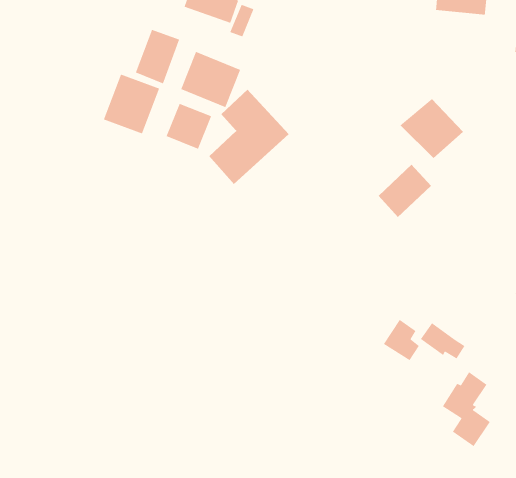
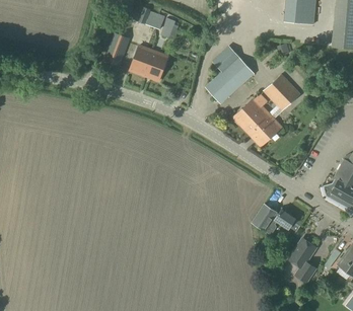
building: [103,73,160,134] -> none
building: [209,89,290,185] -> [205,46,254,103]
building: [166,103,212,150] -> none
building: none -> [233,97,269,133]

